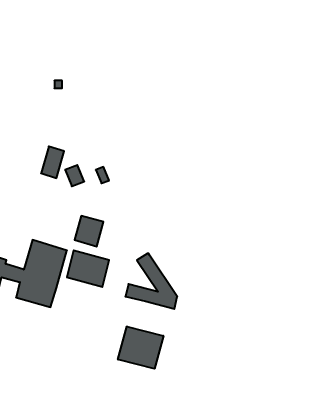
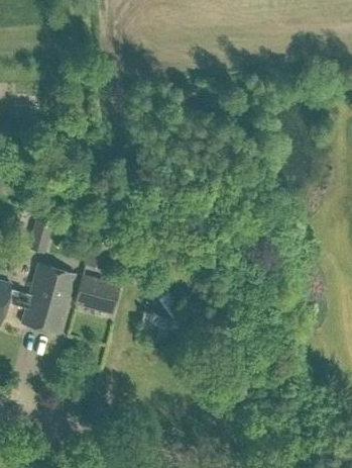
building: [41,146,64,178] -> [27,220,51,254]
building: [118,326,163,369] -> none

